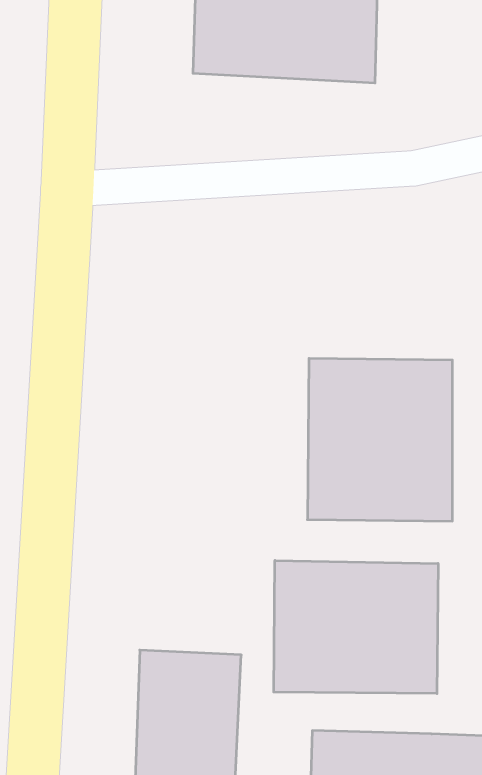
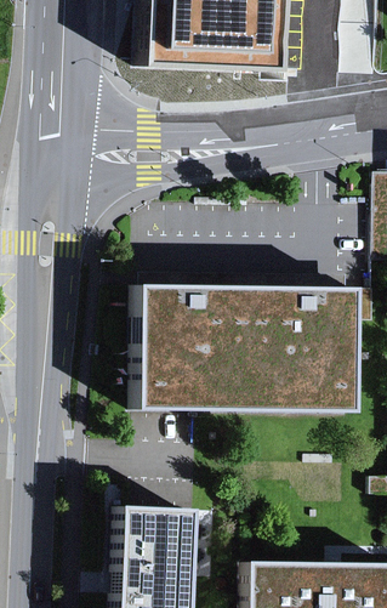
building: none -> [132,283,240,405]
building: [274,560,438,694] -> none

